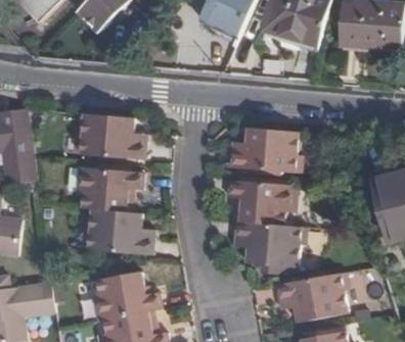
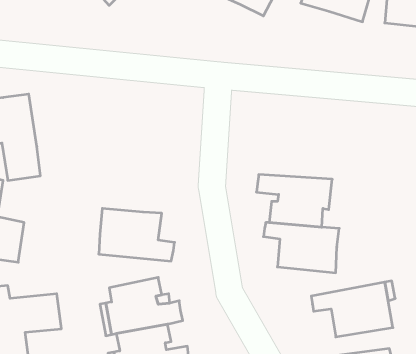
building: [79,112,145,158] -> none
building: [228,127,297,169] -> none
building: [77,166,143,212] -> none

